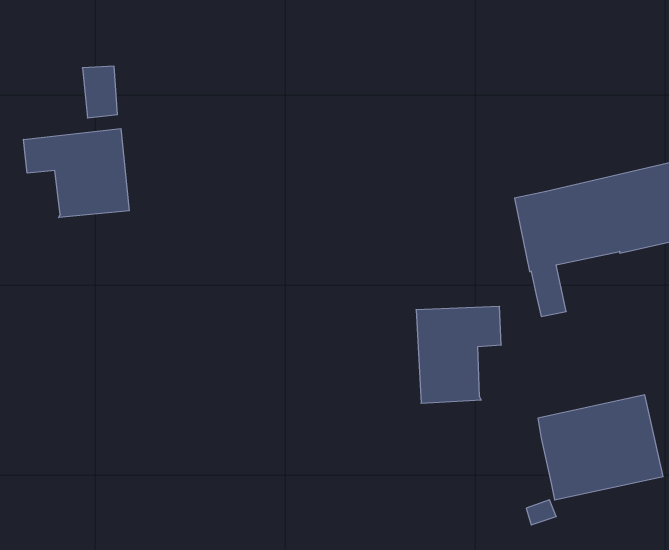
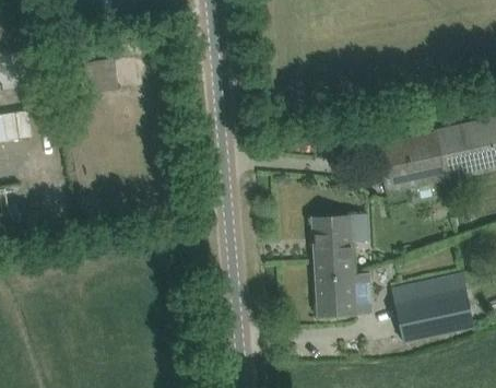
building: [23,129,129,218] -> none
building: none -> [316,272,375,315]

